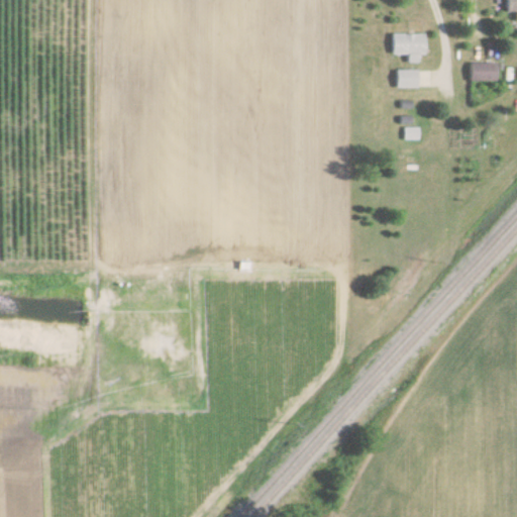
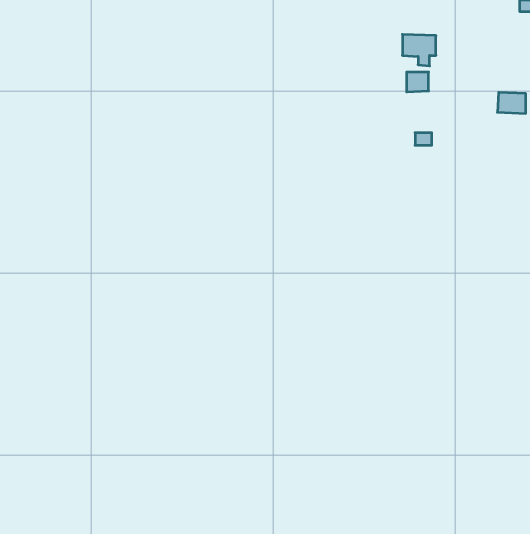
building: [471,62,498,82] -> [497,92,526,113]

